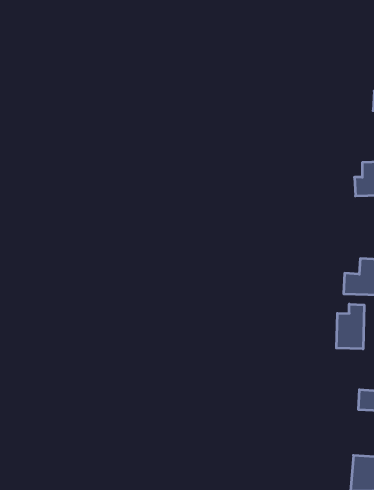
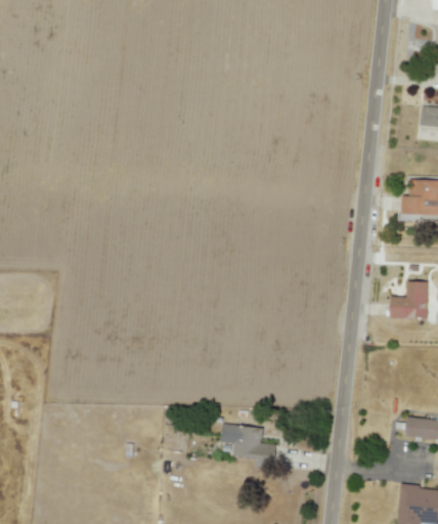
building: [336,304,364,349] -> none
building: none -> [221,423,276,466]

